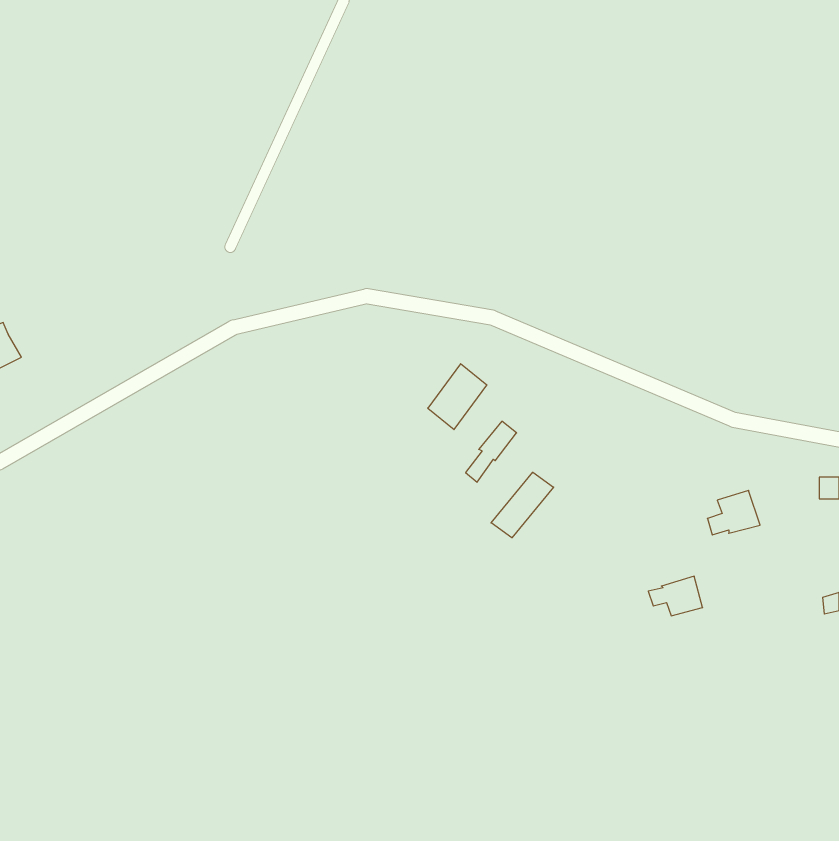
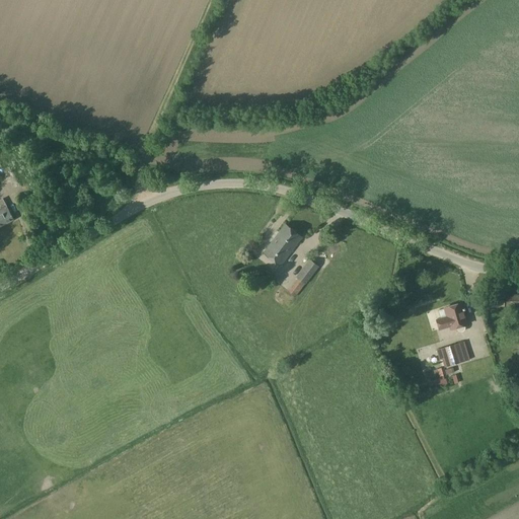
building: [491,472,554,538] -> none
building: [648,576,703,616] -> [435,341,468,365]

